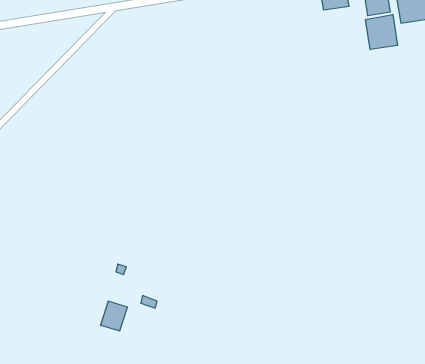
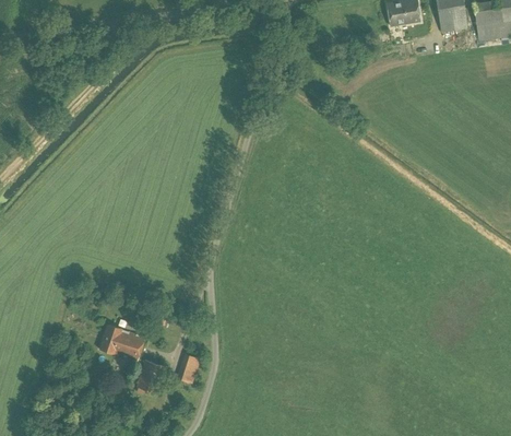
building: [366,14,398,50] -> none
building: none -> [99,325,145,362]

